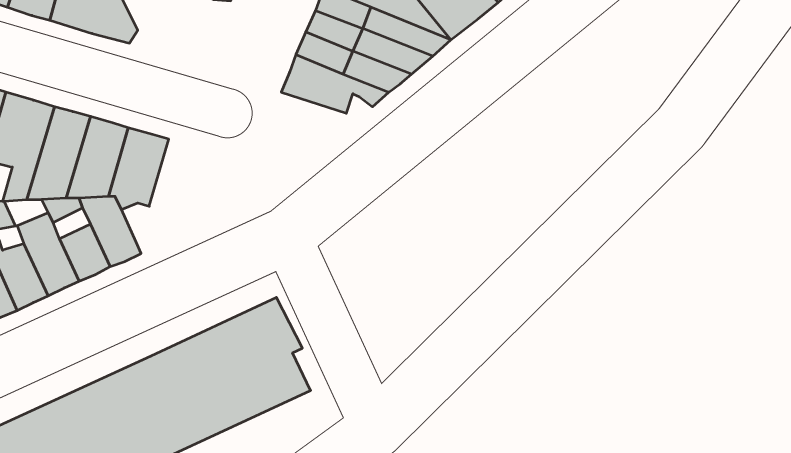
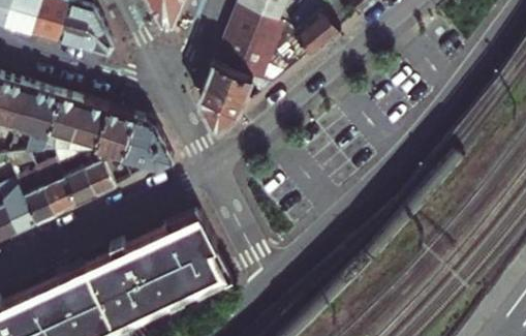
building: none -> [197,88,249,133]
building: none -> [118,118,171,178]

